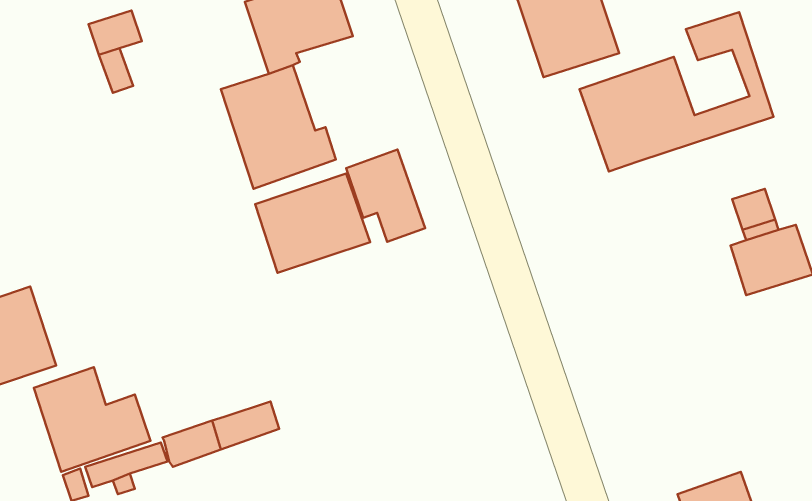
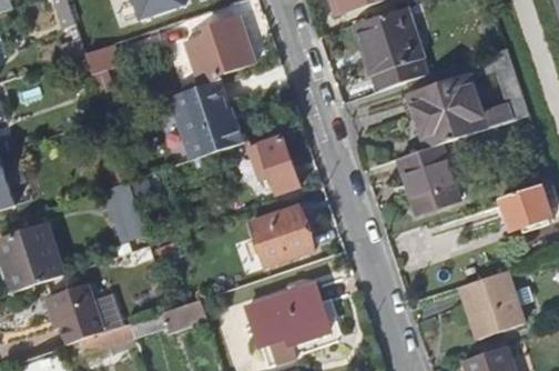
building: none -> [396,143,456,213]
building: [255,173,370,273] -> [251,202,325,267]
building: none -> [100,182,138,223]
building: none -> [460,269,521,337]
building: none -> [246,284,328,343]

